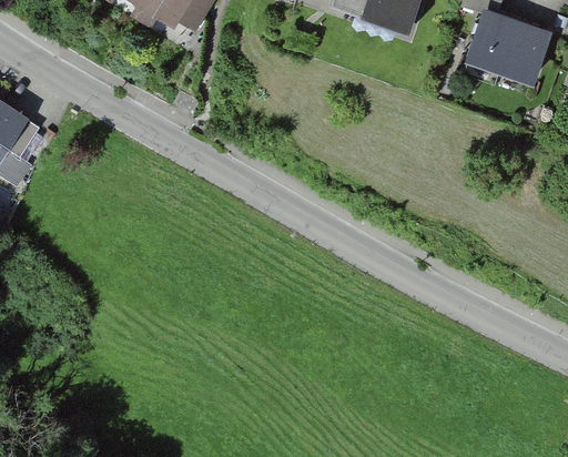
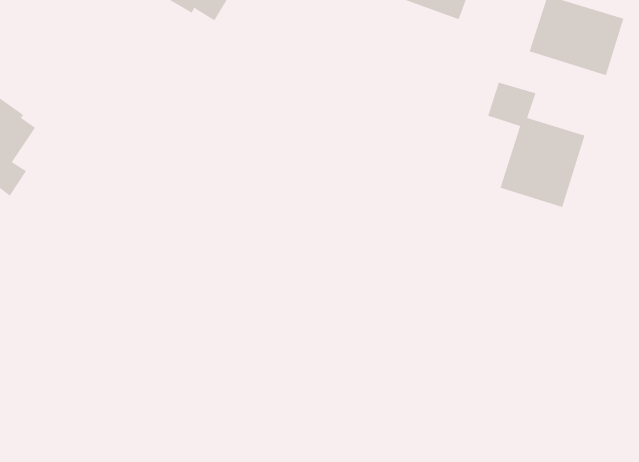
building: none -> [488,82,585,208]

